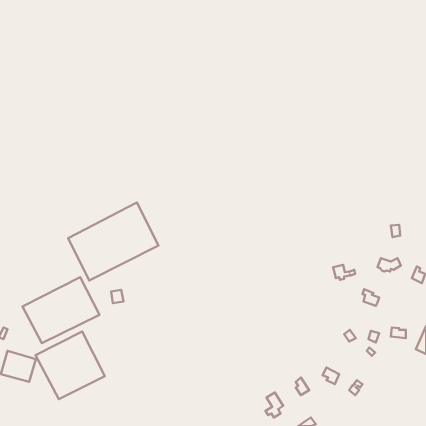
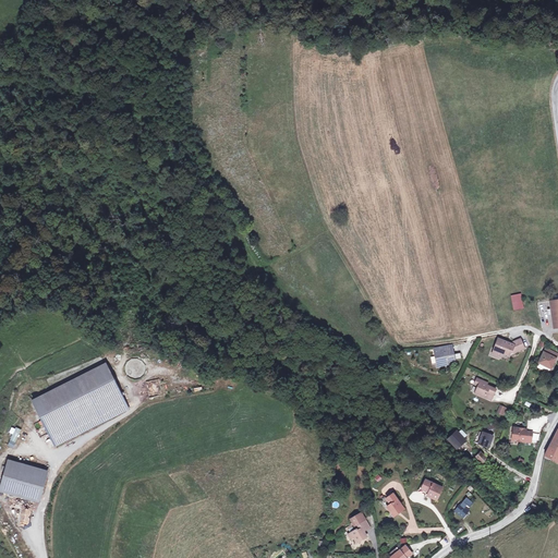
building: [68,203,158,281] -> none
building: [35,331,105,399] -> none

